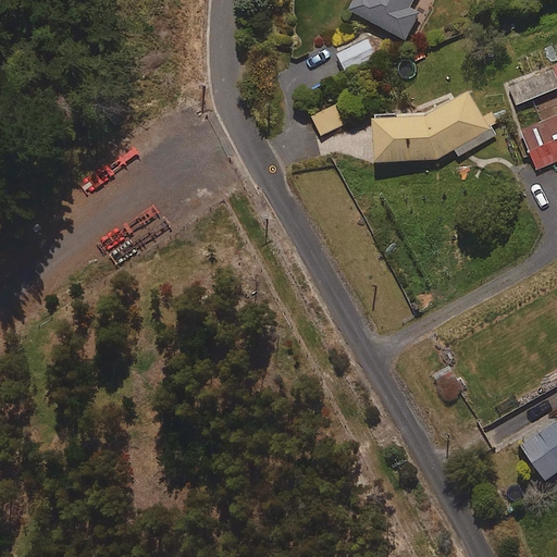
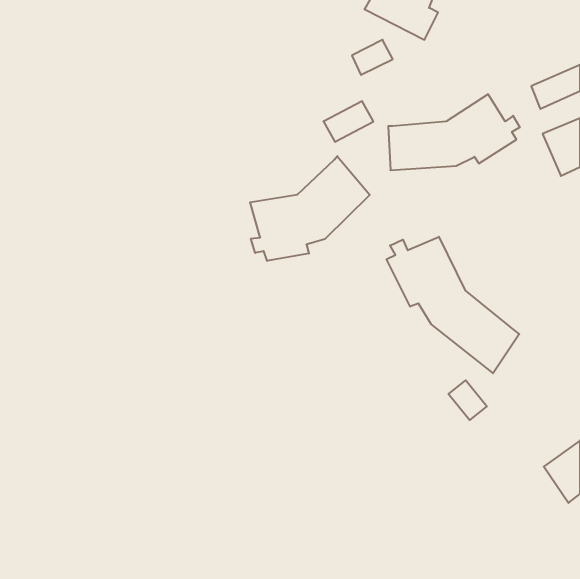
building: none -> [250,156,370,261]
building: none -> [387,237,519,373]

